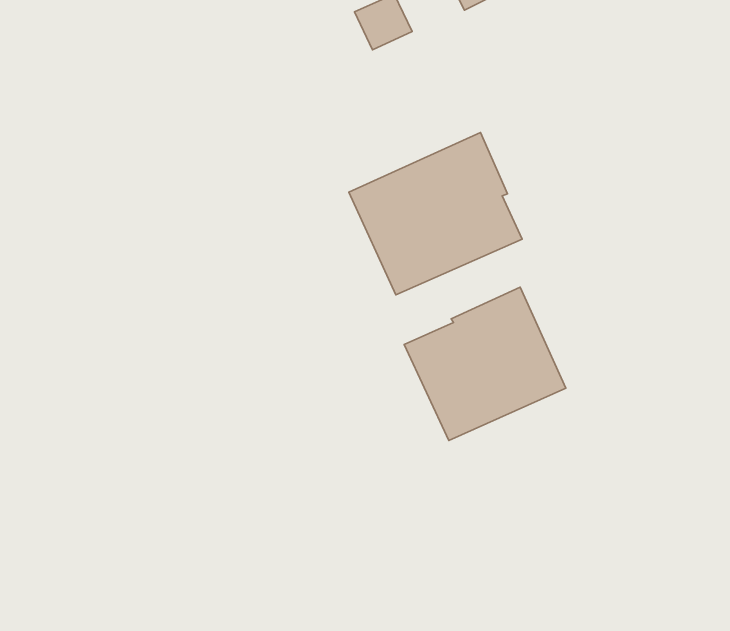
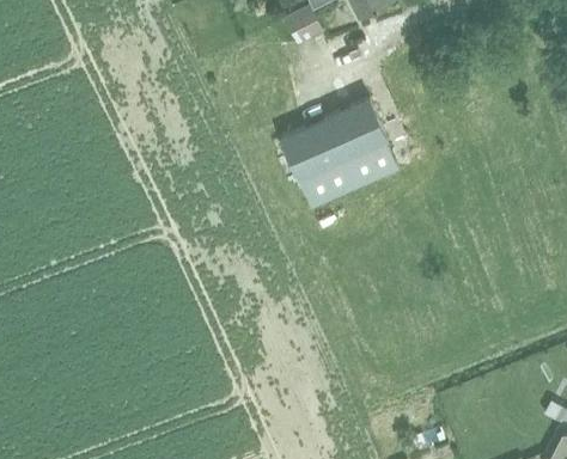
building: [404,287,566,441] -> none

